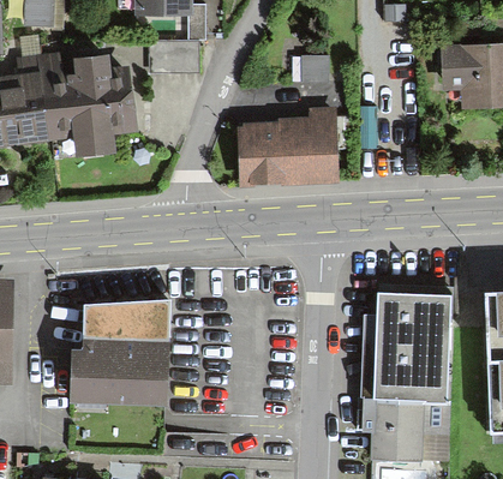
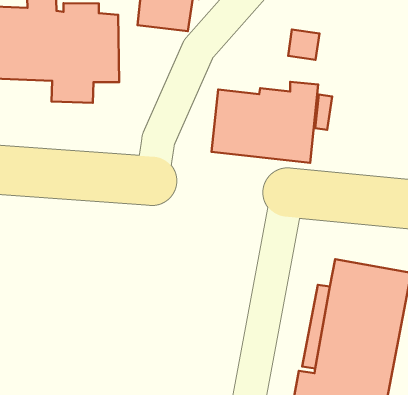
building: [68,285,170,389] -> none

